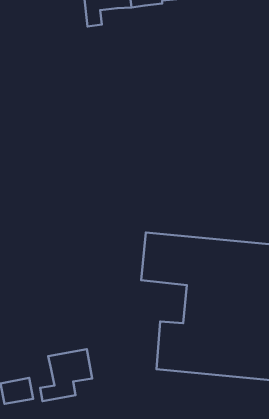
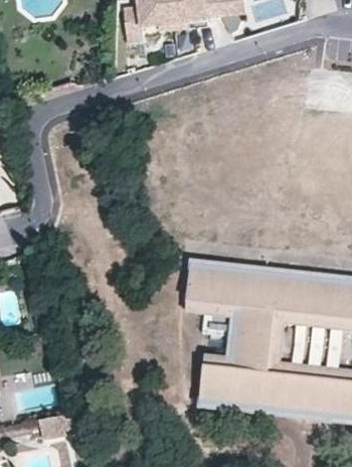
building: [40,349,92,401] -> none

